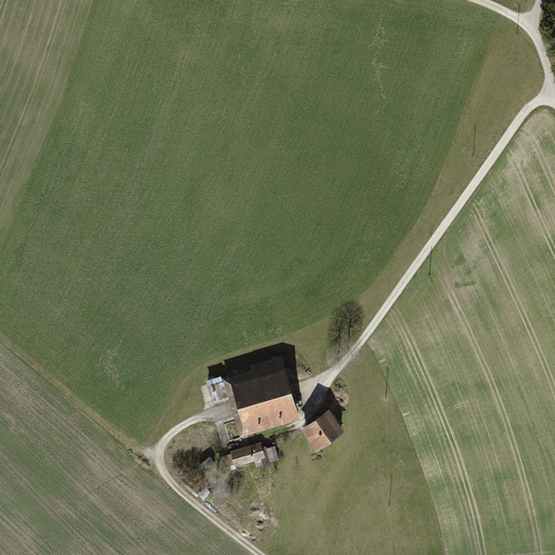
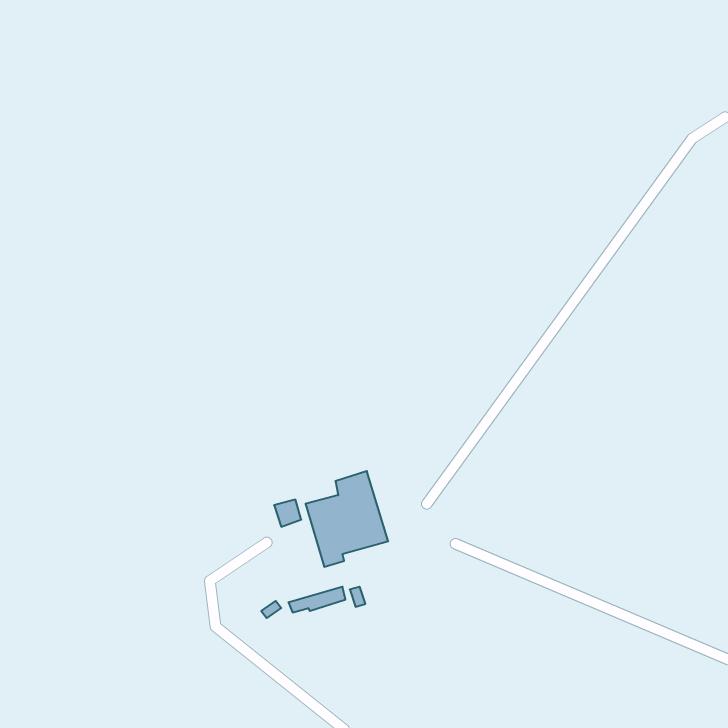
building: [305,412,340,447] -> none

